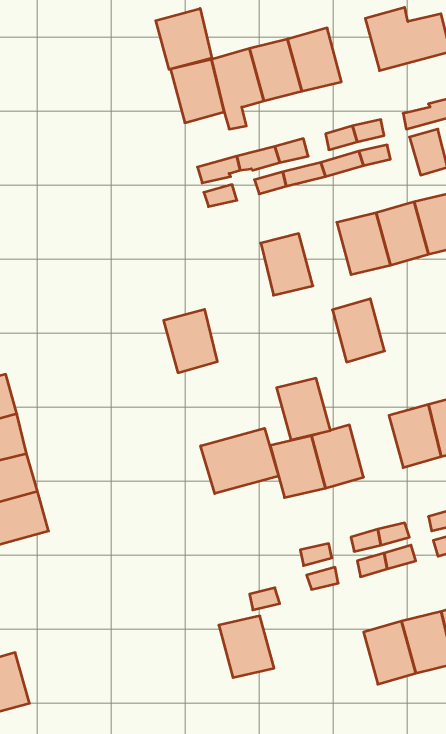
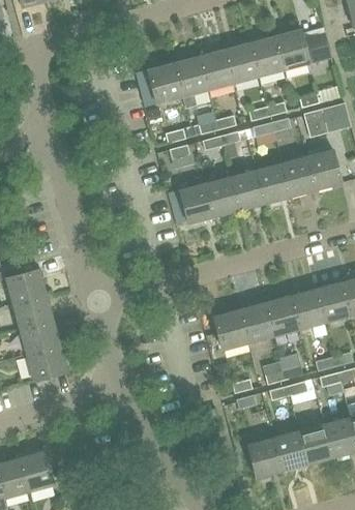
building: [156,8,212,69] -> none
building: none -> [249,36,284,78]
building: [332,299,385,362] -> [231,170,265,211]
building: [164,309,217,373] -> [179,183,214,224]
building: [277,378,330,440] -> [264,296,299,336]
building: [201,428,279,494] -> none
building: [219,616,274,678] -> [246,438,283,478]

